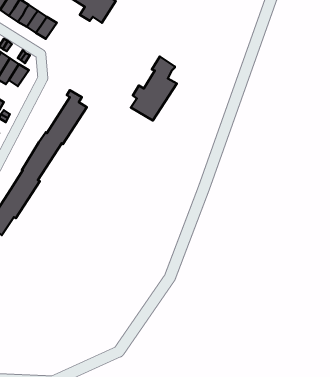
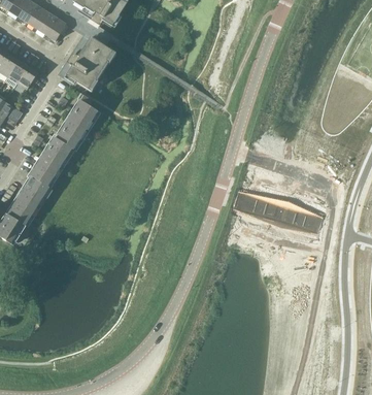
building: [131,56,177,120] -> [67,25,114,91]

